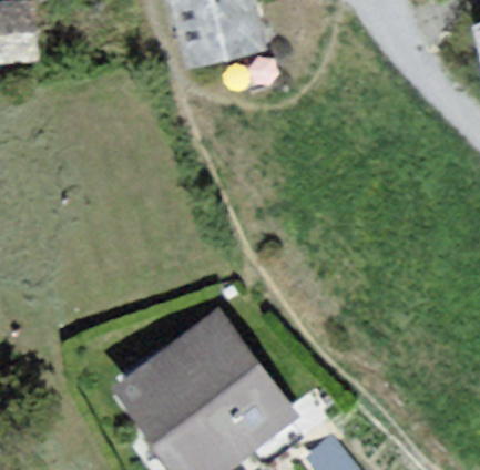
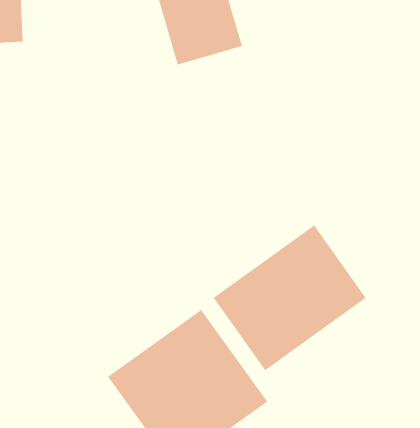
building: none -> [213,225,366,371]

